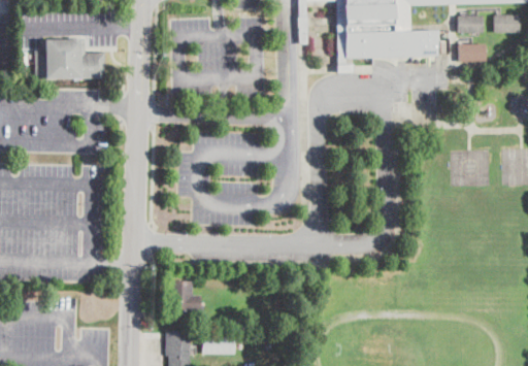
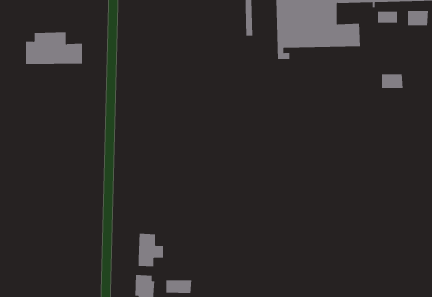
building: [460,41,487,59] -> [381,74,404,88]

